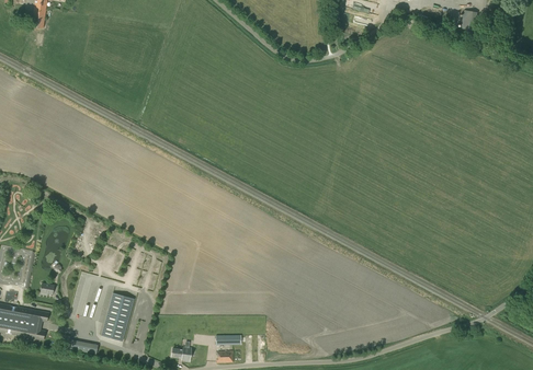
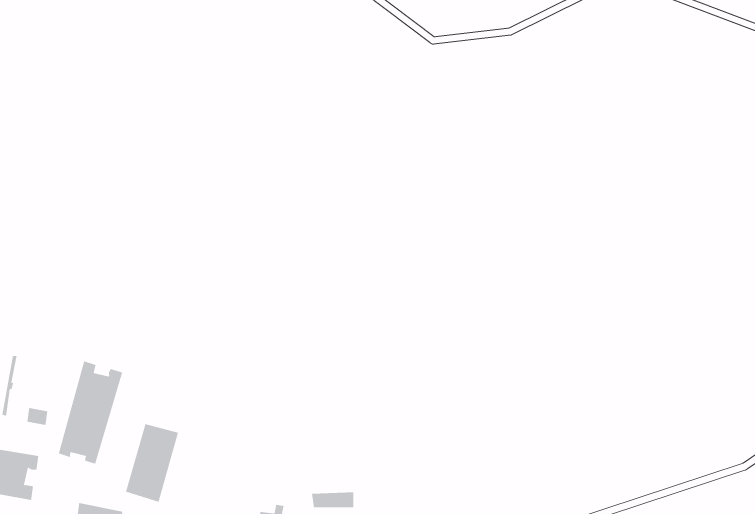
building: none -> [58,361,123,465]

